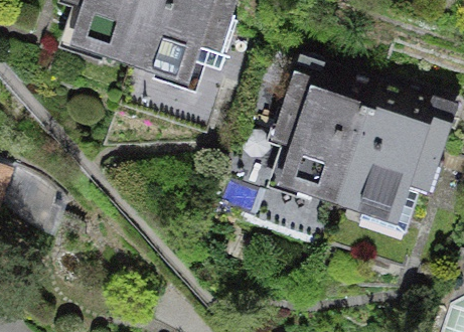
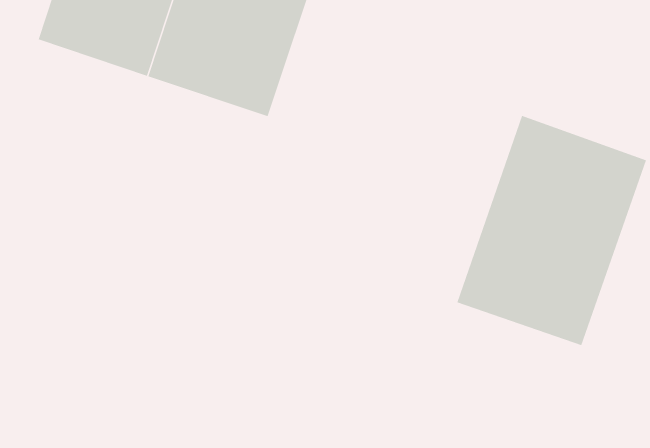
building: [263,60,372,205] -> none

